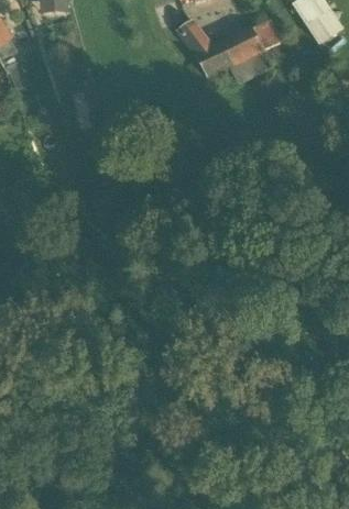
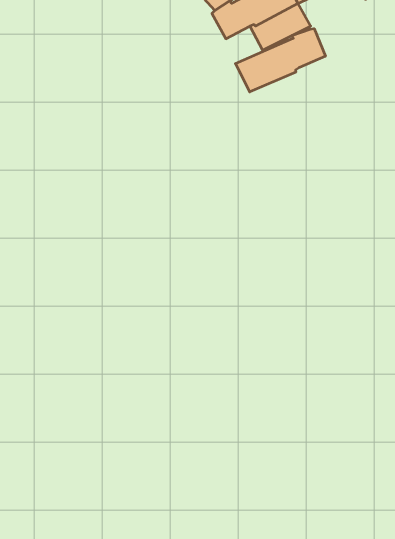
building: none -> [235,29,325,92]

